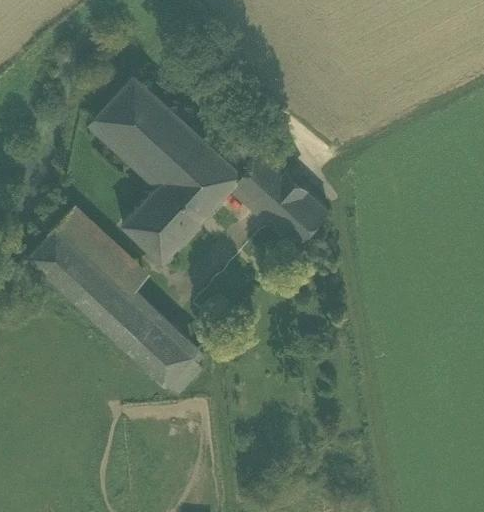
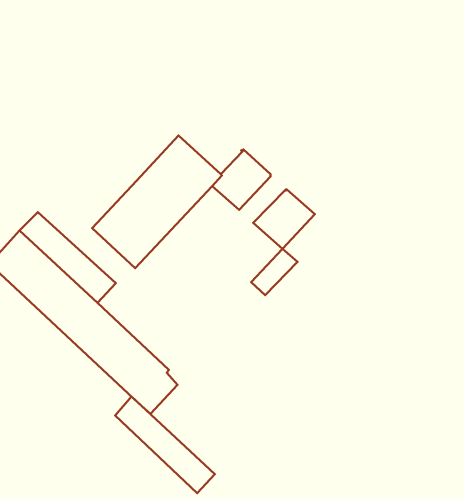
building: [95,77,202,182] -> none
building: [258,178,301,221] -> [251,249,298,295]
building: none -> [115,397,215,493]

